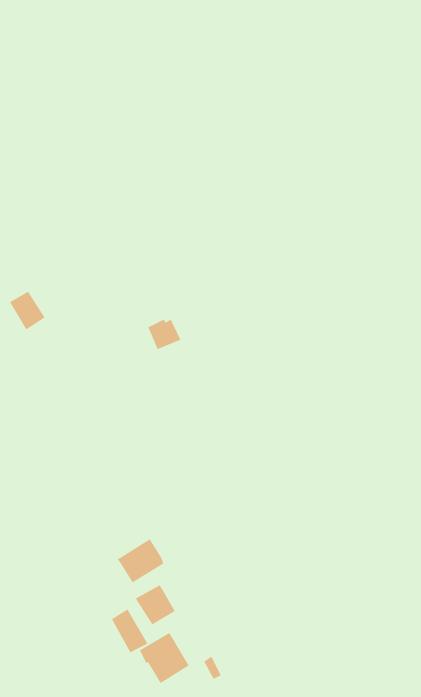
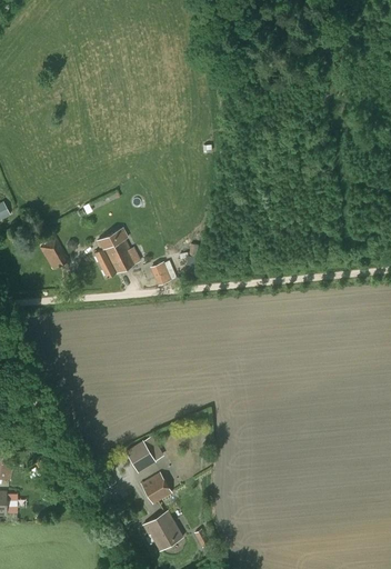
building: none -> [93,227,141,278]
building: [111,609,148,653] -> none

